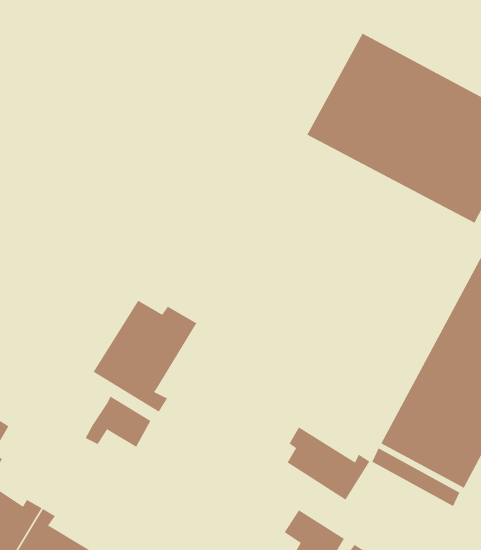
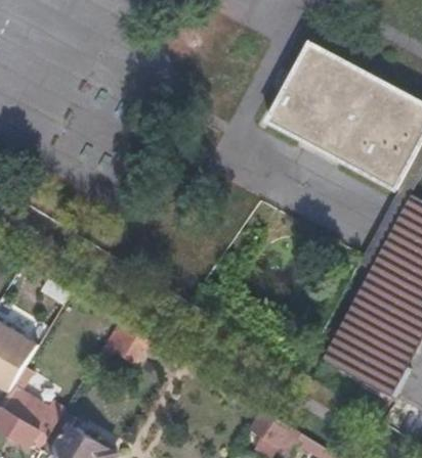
building: [93,300,197,413] -> none
building: [287,426,370,500] -> none

